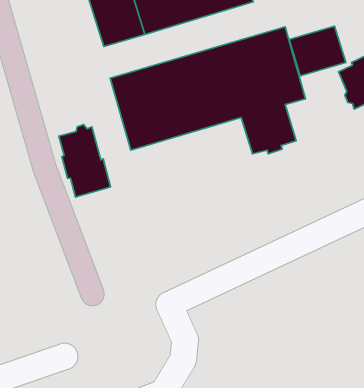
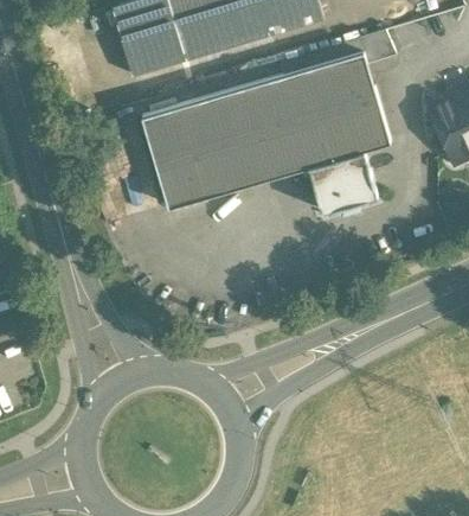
building: [289,26,346,76] -> none
building: [59,125,111,197] -> none

